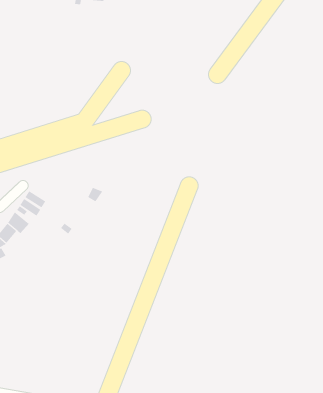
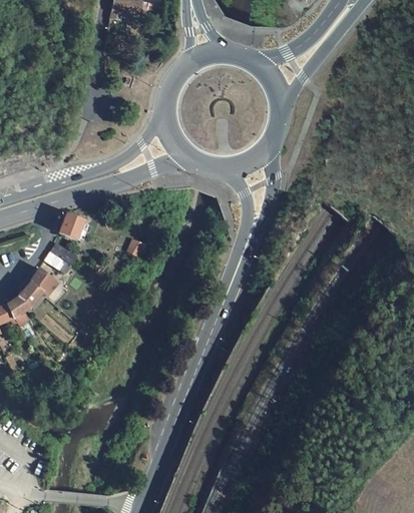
building: none -> [58,212,83,239]

